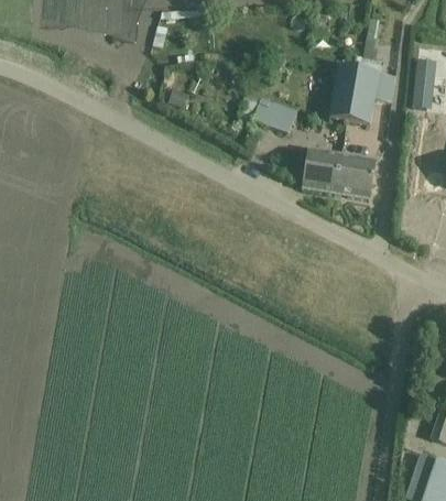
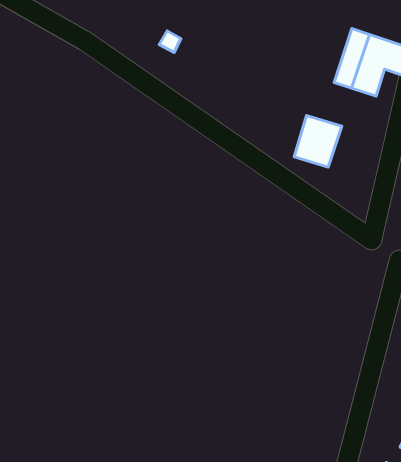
building: [252,96,296,132] -> none
building: [334,153,376,197] -> none

